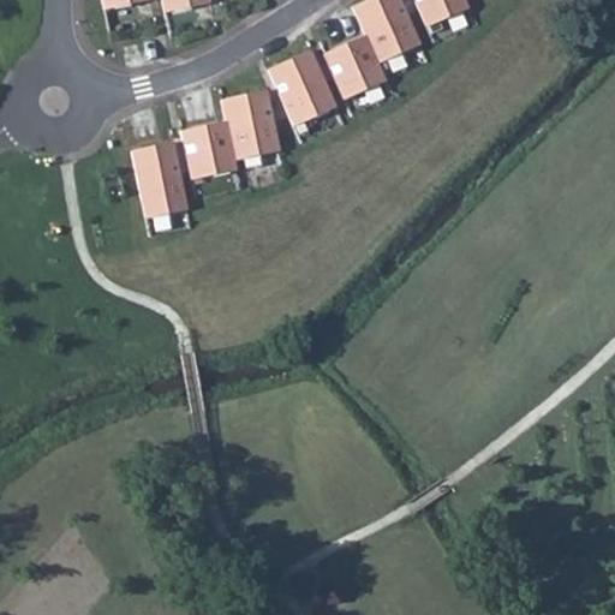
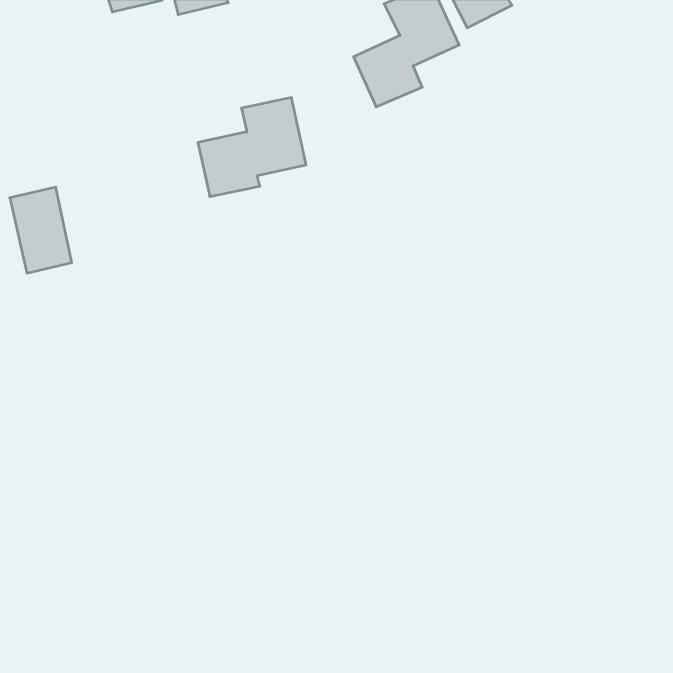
building: [268,48,336,125] -> none
building: [132,142,189,220] -> [10,187,72,273]

